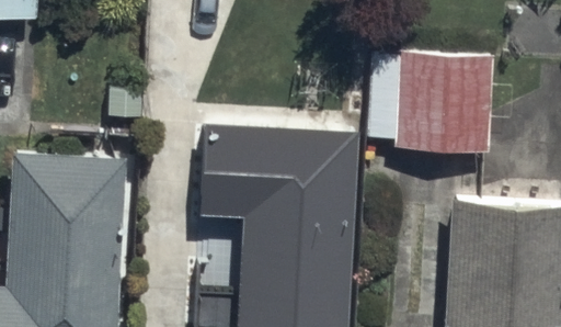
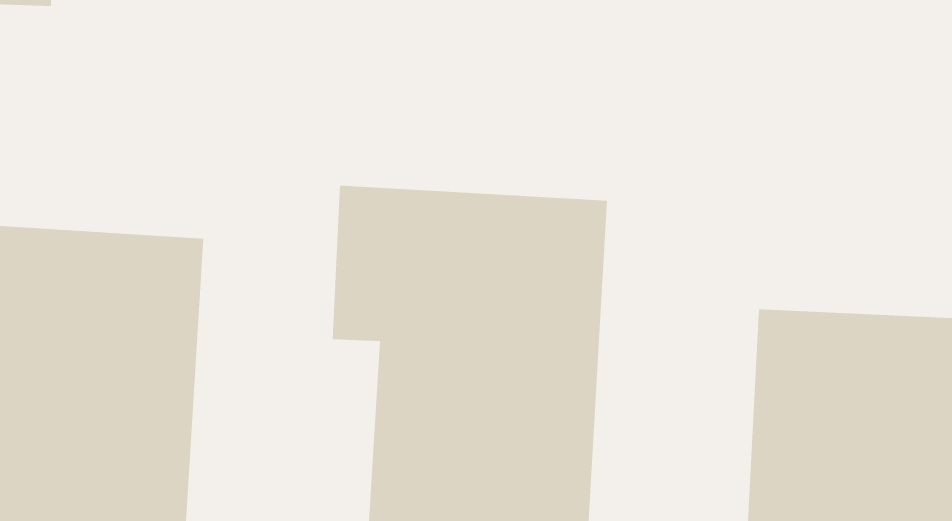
building: [369,60,491,158] -> none

